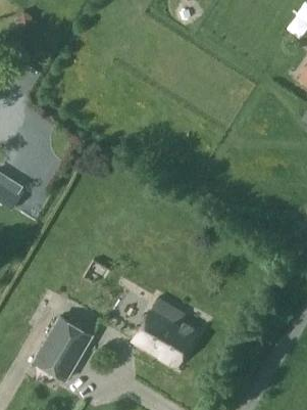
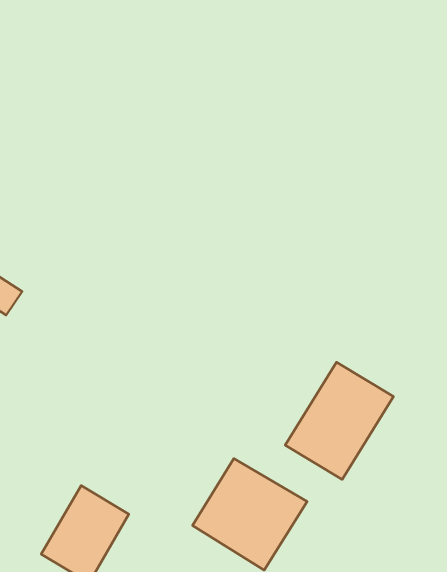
building: none -> [285,362,394,479]

